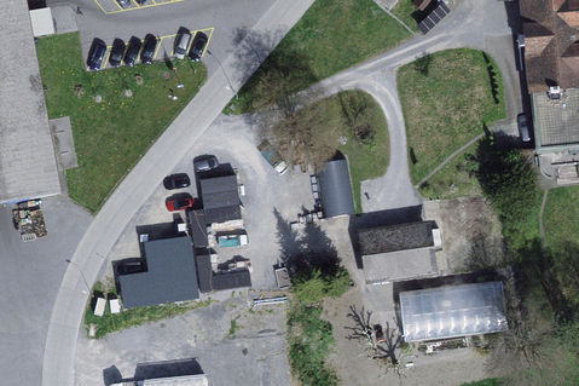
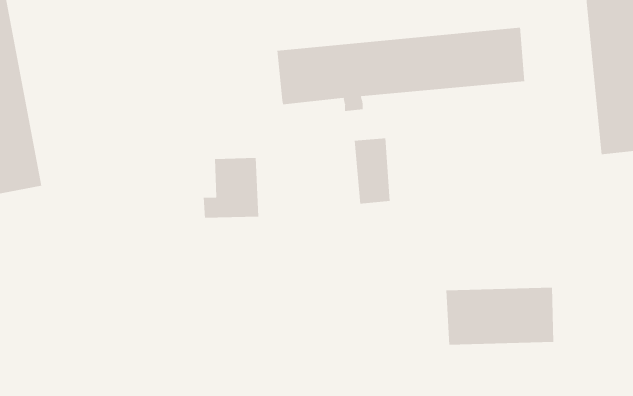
building: none -> [277,27,525,112]
building: [361,225,430,277] -> none
building: [126,227,202,298] -> none

